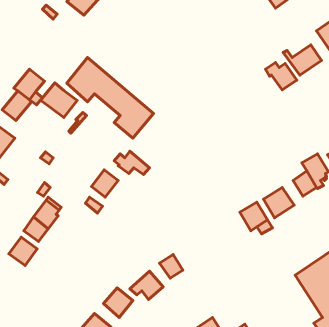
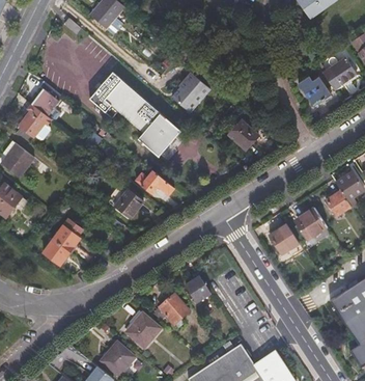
building: none -> [170,72,208,112]
building: [40,83,77,118] -> none
building: none -> [228,119,258,149]
building: [9,237,37,266] -> none

